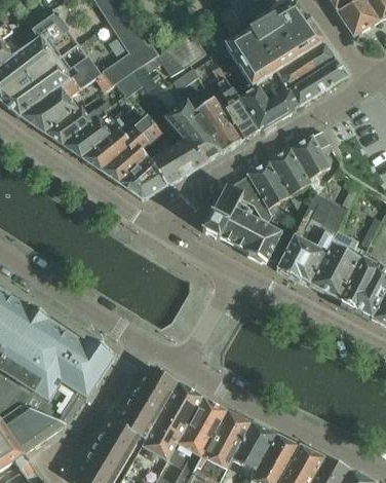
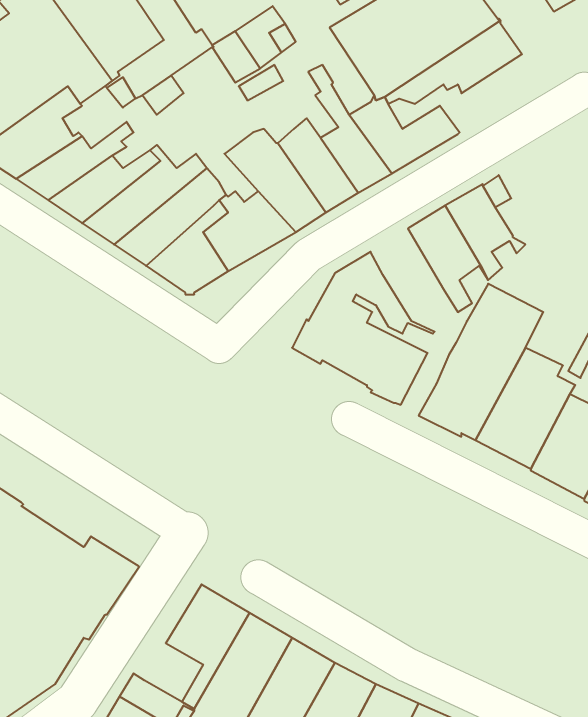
building: [258,61,347,106] -> none
building: [247,161,290,221] -> none
building: [117,401,151,435] -> none

